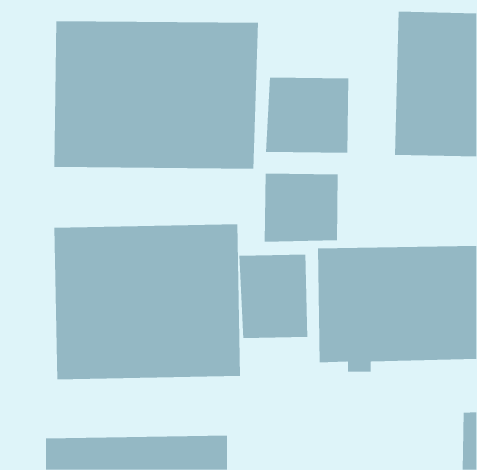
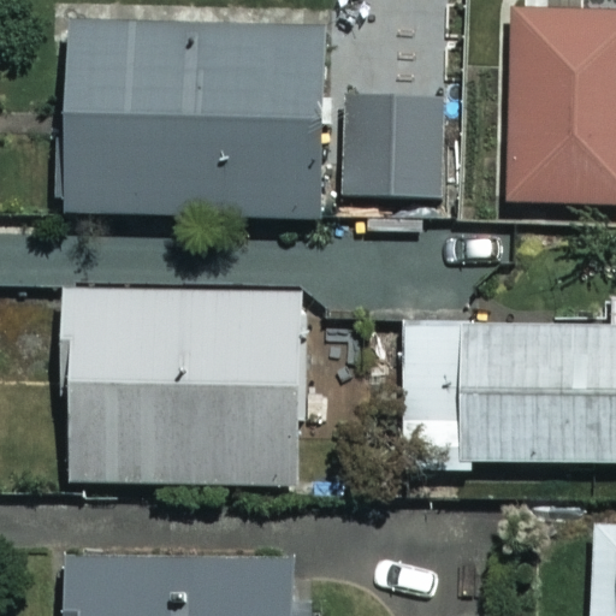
building: [264,173,338,242] -> none
building: [239,254,308,339] -> none

